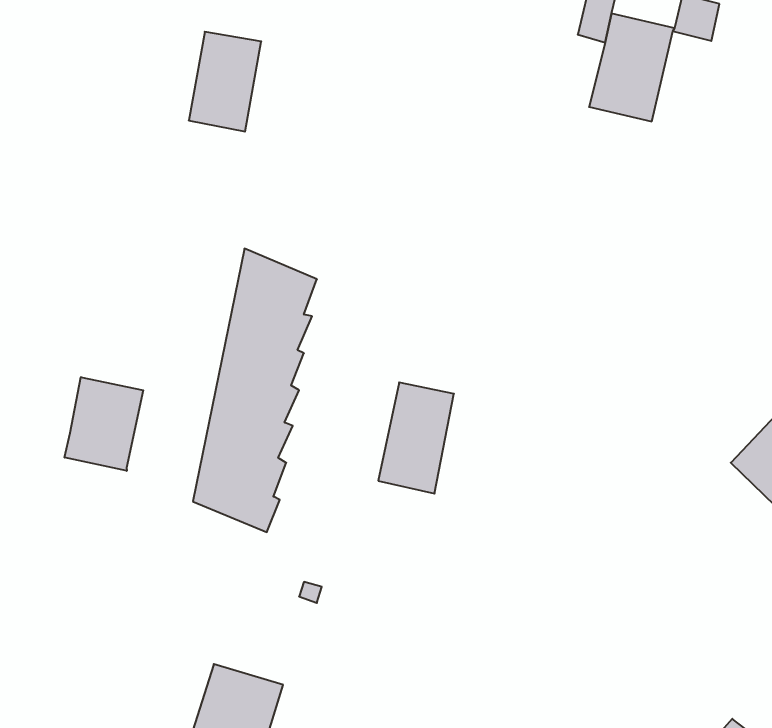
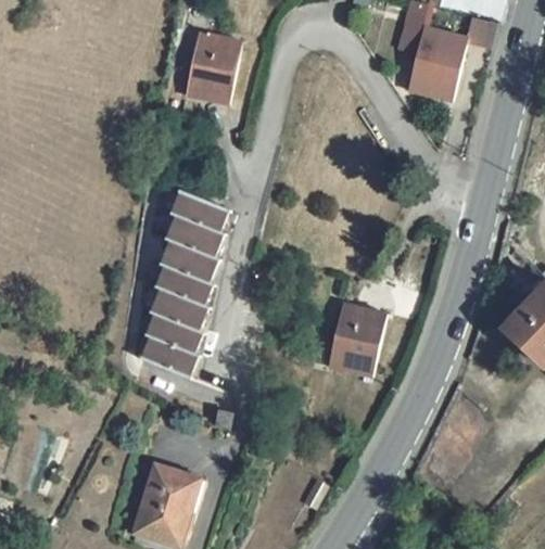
building: [189,32,261,132] -> [189,36,238,103]
building: [65,377,143,471] -> none
building: [378,382,454,494] -> [329,314,380,388]

